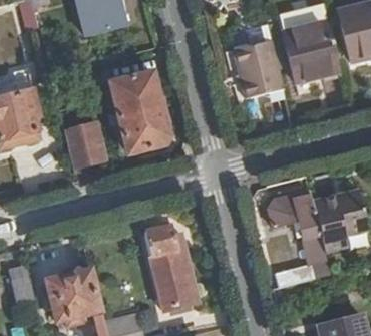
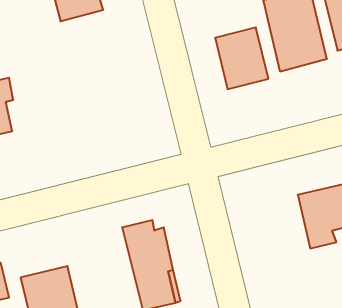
building: [110,72,168,153] -> none
building: [64,121,104,166] -> none
building: [268,195,330,287] -> none

